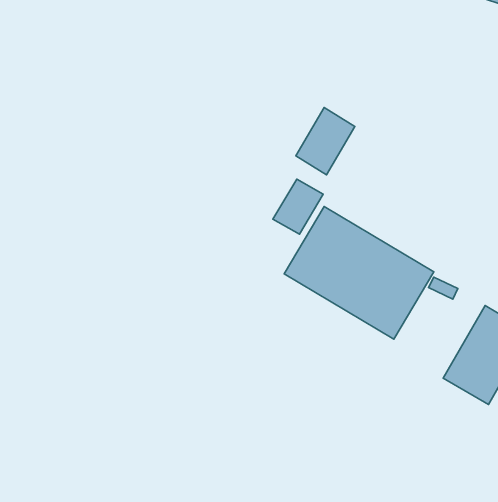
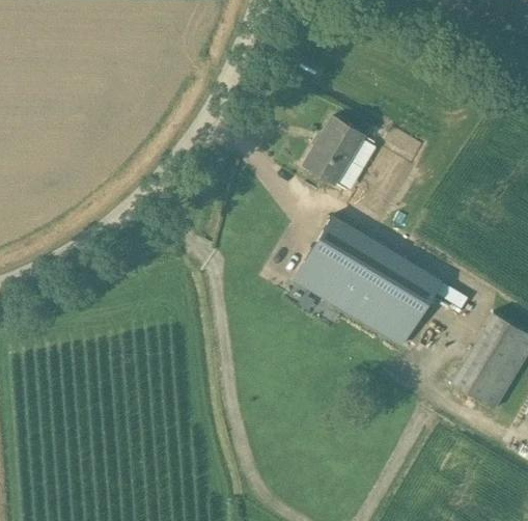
building: [273,179,323,234] -> none

